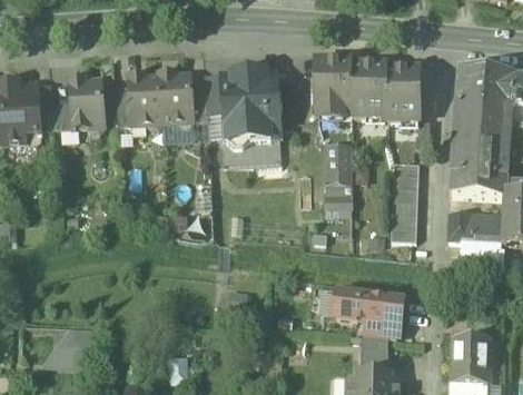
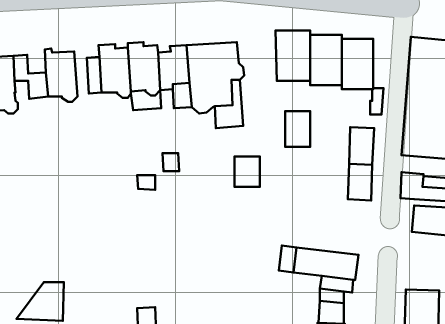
building: [325,181,352,214] -> [235,156,260,187]

